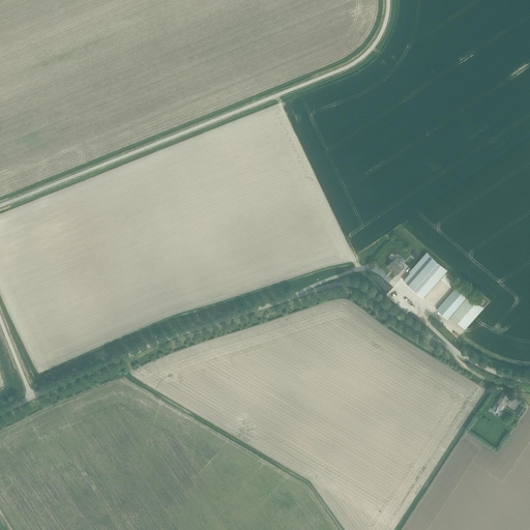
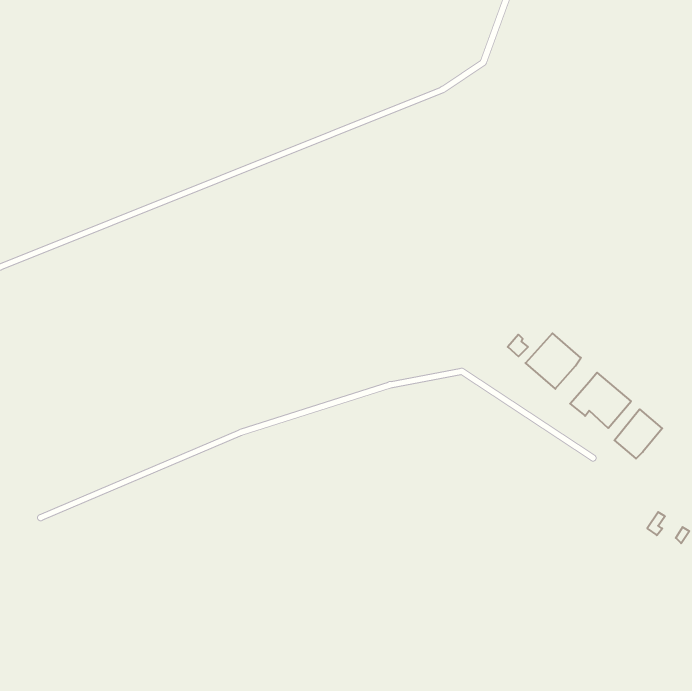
building: none -> [614,409,662,459]

